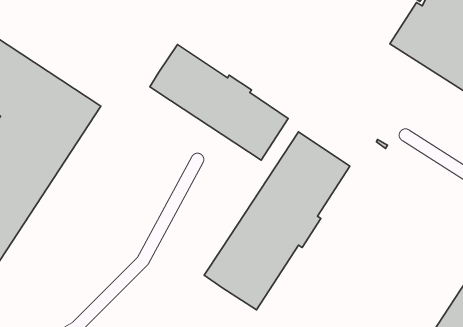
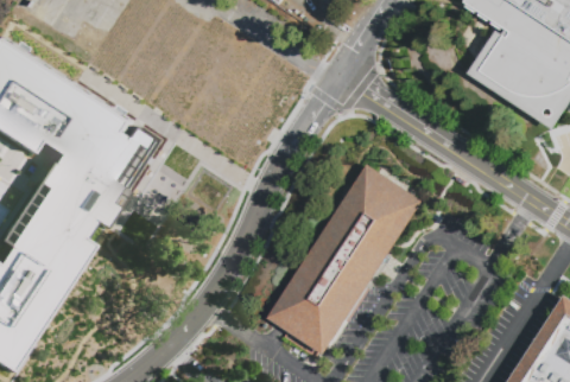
building: [150,45,288,160] -> none

